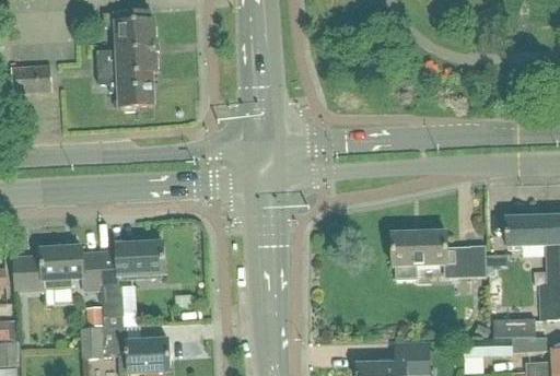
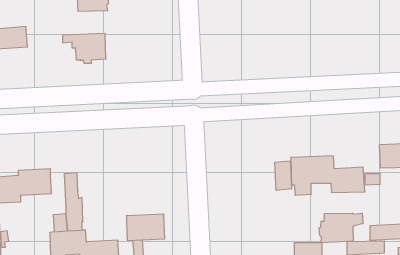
building: [96,43,159,75] -> none
building: none -> [275,161,292,190]
building: [116,243,165,277] -> [126,214,165,240]
building: [82,254,102,297] -> none
building: none -> [319,213,363,243]

